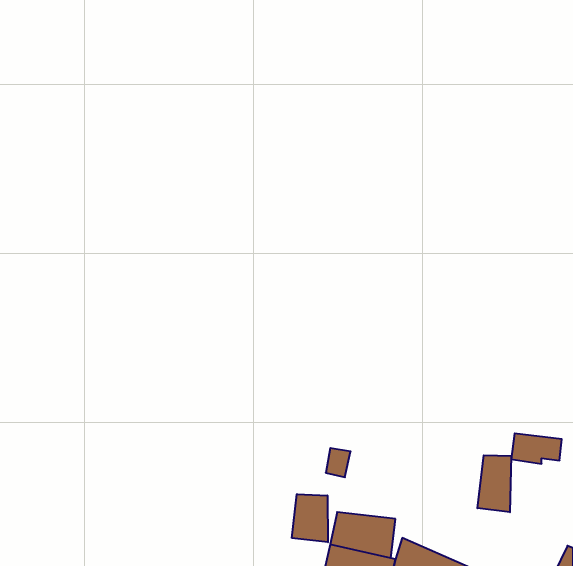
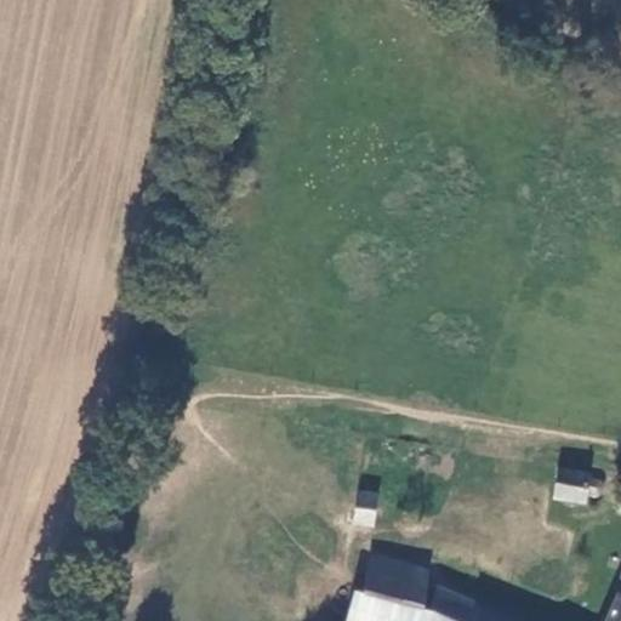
building: [477,455,511,512] -> none
building: [292,494,328,542] -> none

